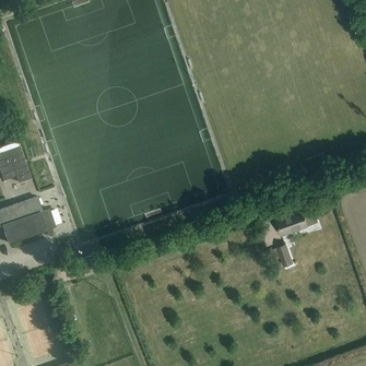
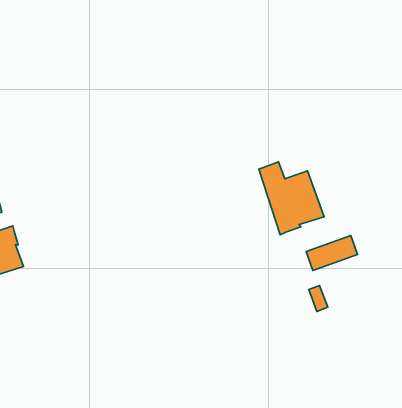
building: none -> [259,162,324,235]

